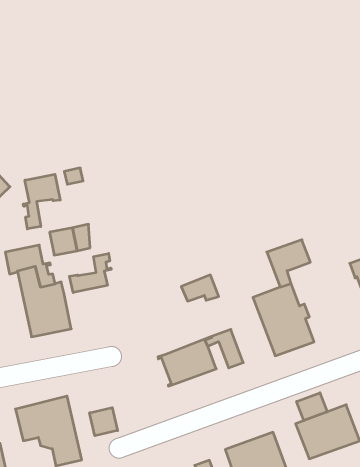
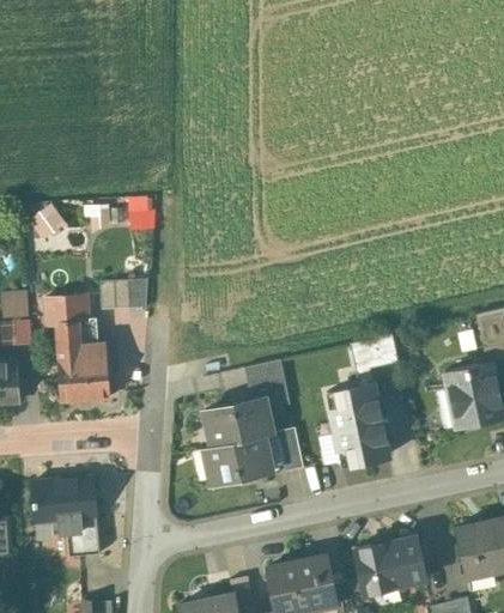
building: [23,174,60,229] -> none
building: [69,253,111,293] -> none
building: none -> [205,397,271,445]
building: [297,393,327,421] -> none
building: [90,408,118,436] -> none

